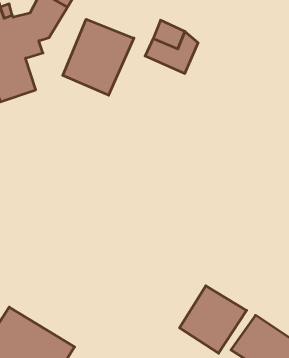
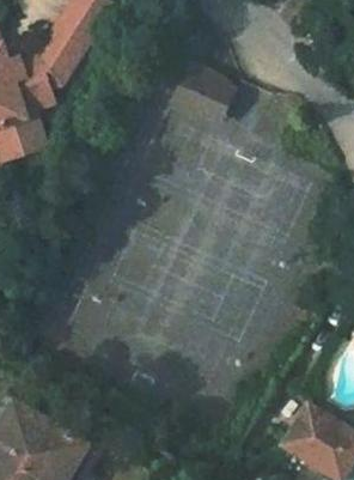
building: [63,19,134,95] -> none
building: [180,286,247,353] -> none

